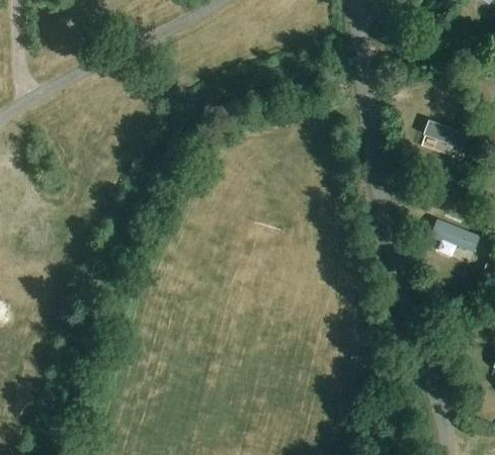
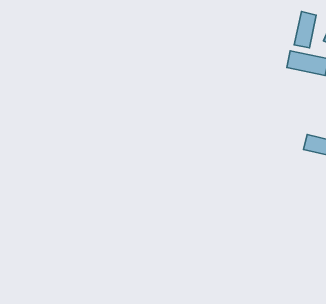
building: none -> [294,11,316,48]

